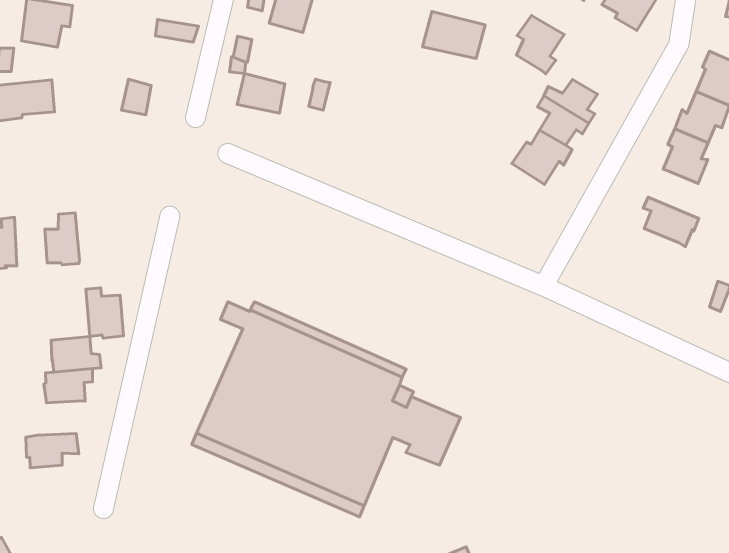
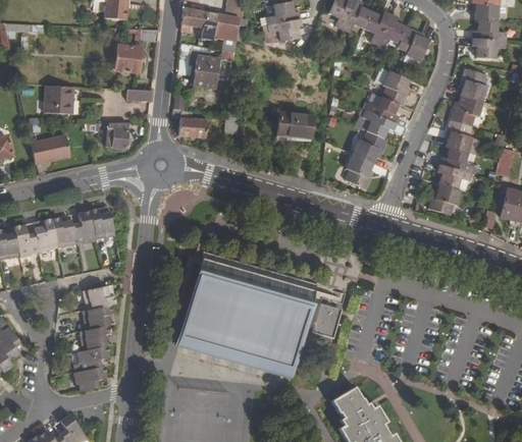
building: [422,11,485,59] -> [278,110,315,135]
building: [516,15,564,74] -> [382,68,411,103]
building: none -> [346,150,374,184]
building: none -> [438,143,479,171]
building: none -> [53,219,77,250]
building: none -> [427,179,461,209]
building: [86,288,123,338] -> [90,211,116,241]
building: none -> [81,327,110,351]
building: none -> [74,368,107,392]

